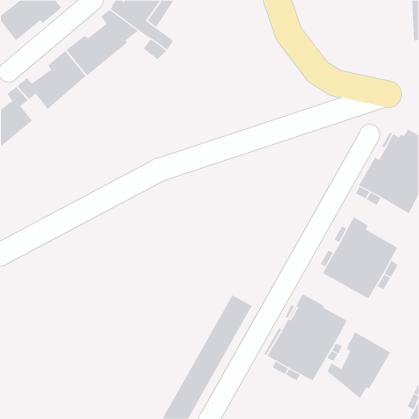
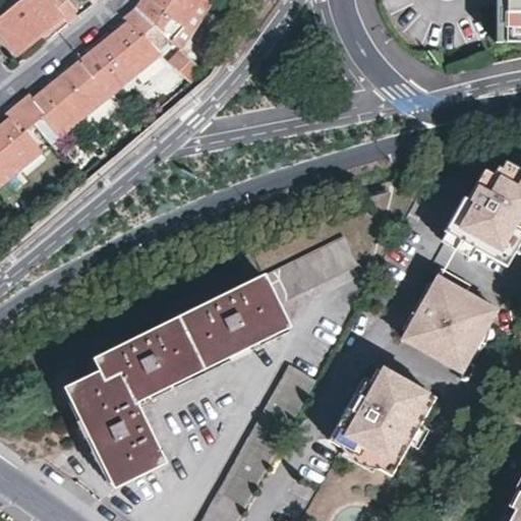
building: none -> [67,236,356,483]
building: [327,332,391,399] -> none

